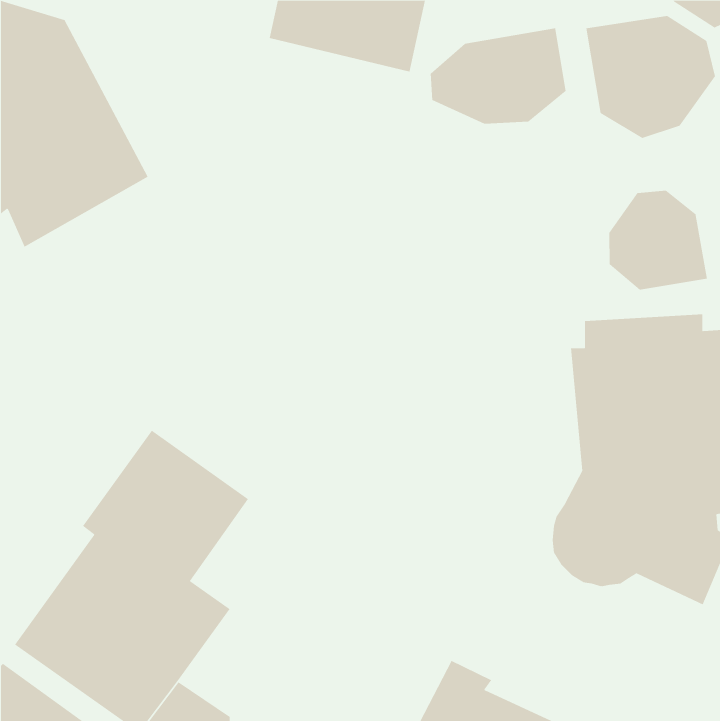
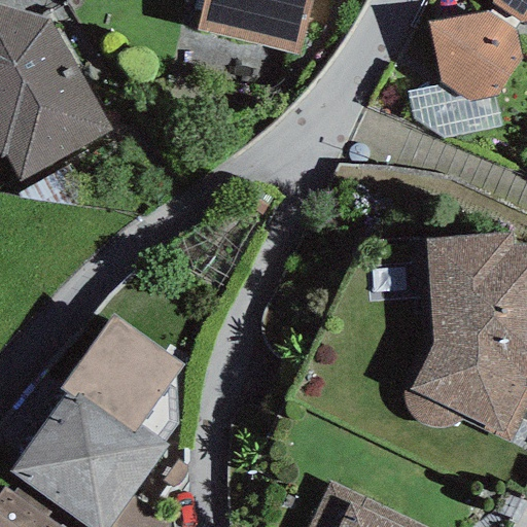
building: [430,27,566,125] -> none
building: [609,190,708,291] -> none

